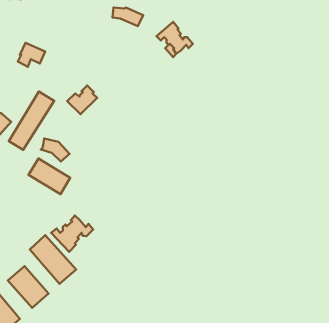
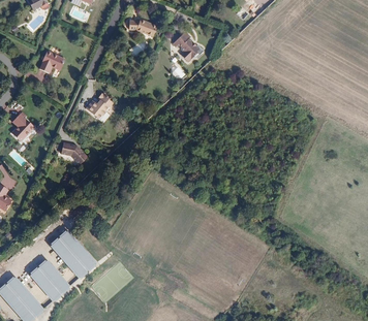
building: [9,92,54,150] -> none
building: [29,158,70,194] -> none
building: [51,216,93,252] -> none

